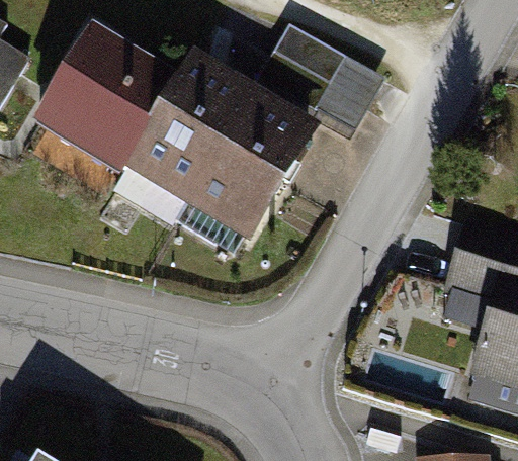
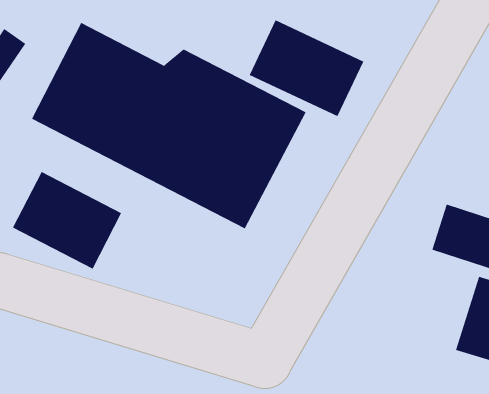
building: none -> [12,171,122,269]

